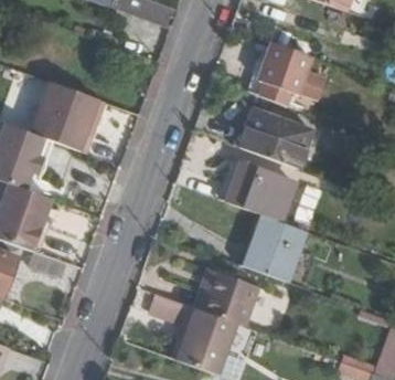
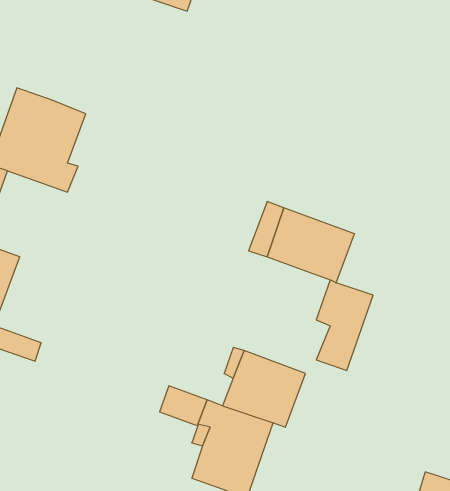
building: [253,41,310,108] -> none
building: [237,109,310,169] -> none

